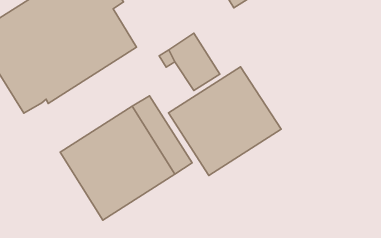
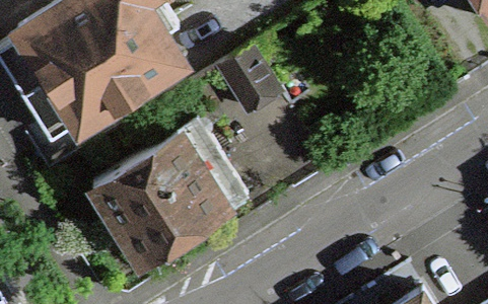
building: [168,67,281,175] -> none

